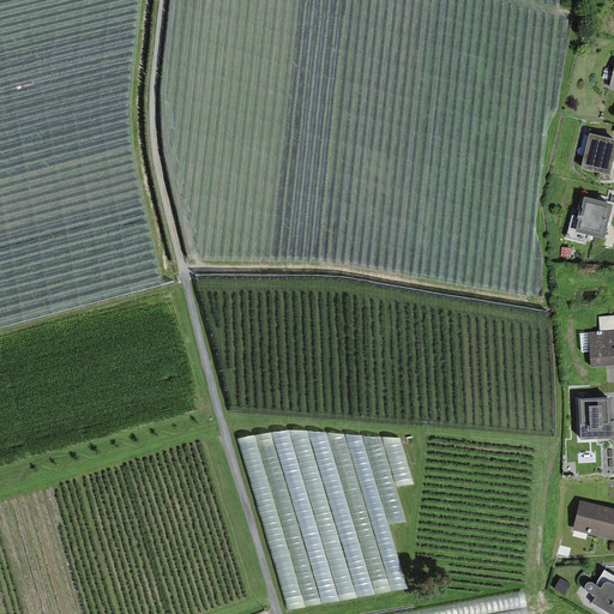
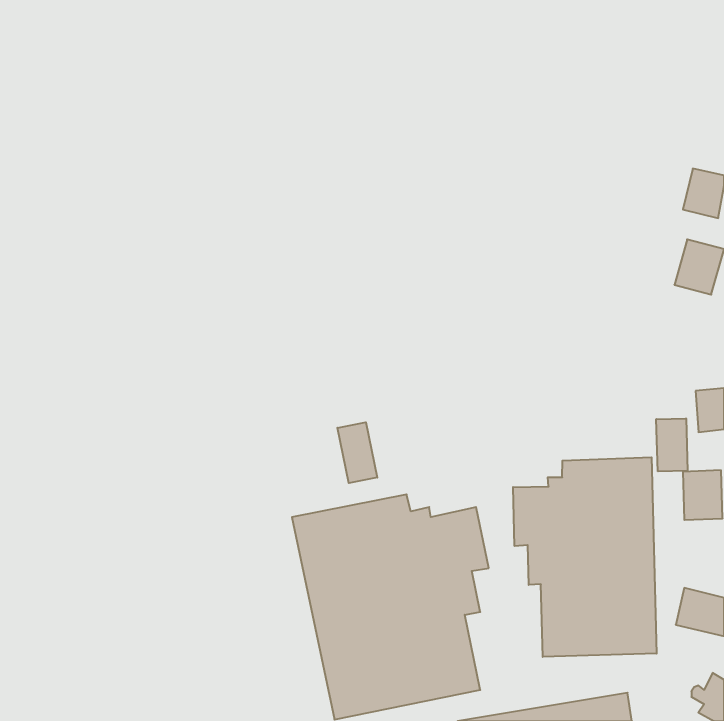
building: none -> [656,418,688,471]
building: none -> [337,422,377,483]
building: none -> [513,457,657,657]

